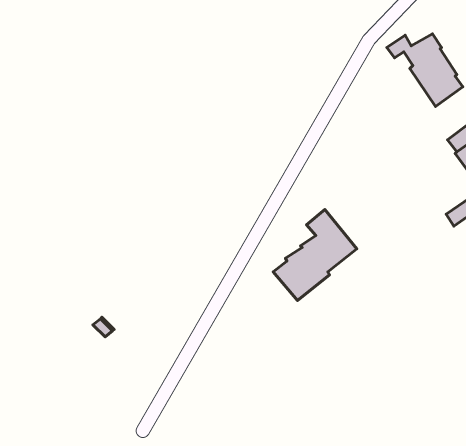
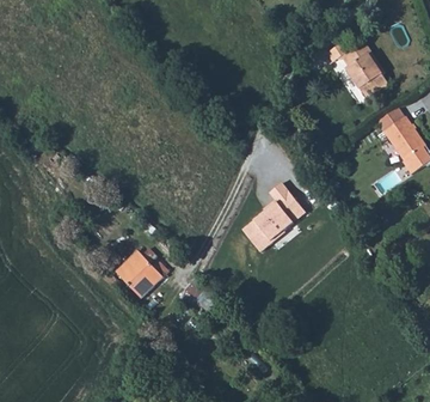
building: none -> [113,248,167,296]

